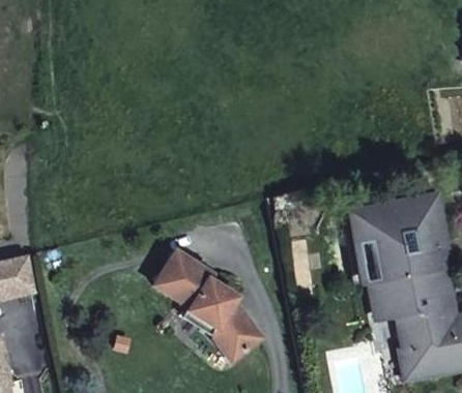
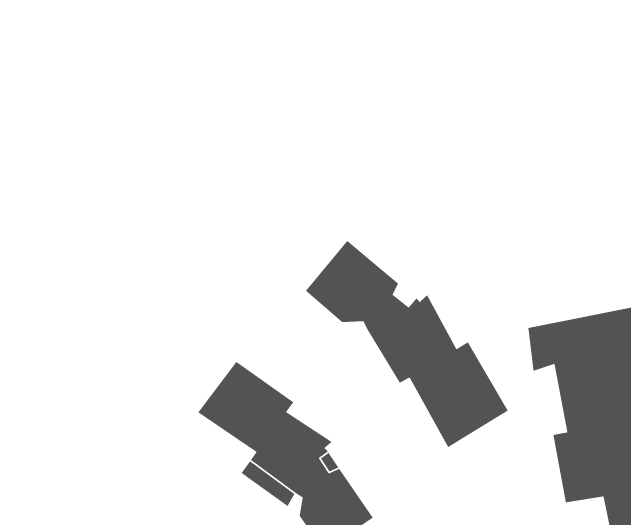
building: none -> [305,240,509,448]

